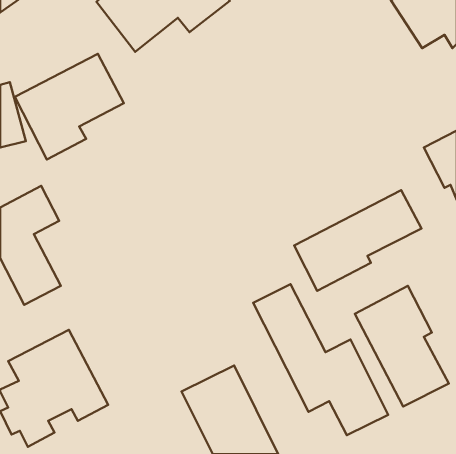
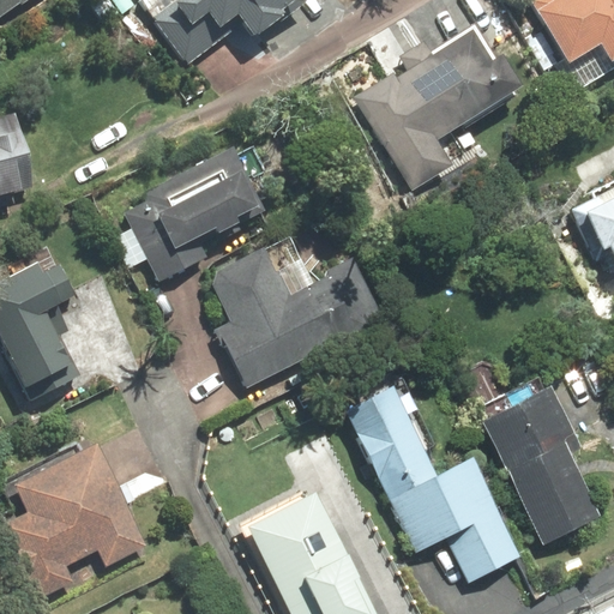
building: none -> [353,23,520,191]
building: [15,54,124,159] -> [116,143,263,284]
building: none -> [207,245,385,390]
building: [294,190,422,291] -> none

